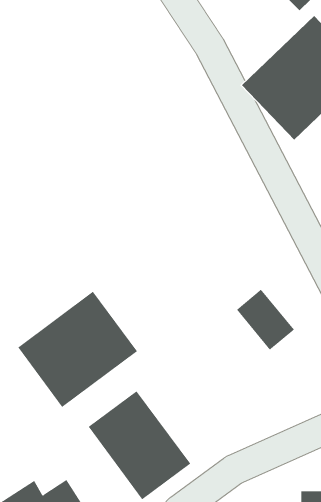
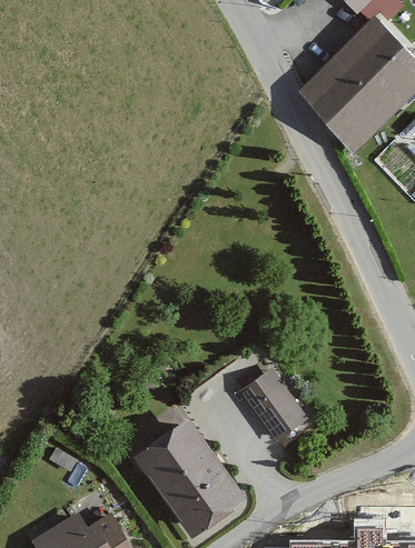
building: [236,289,295,350] -> [241,371,304,437]
building: [17,291,138,408] -> none

